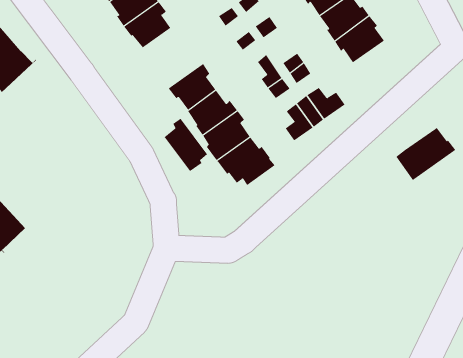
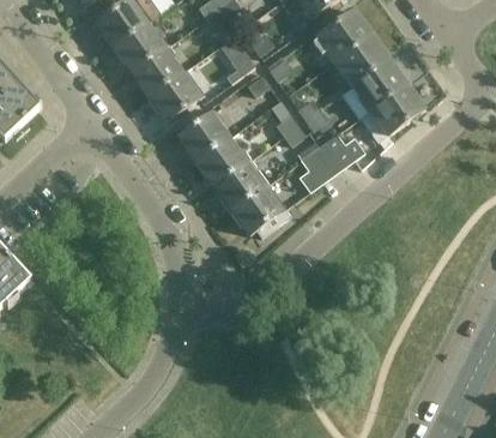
building: none -> [150,71,205,119]
building: [164,118,208,172] -> none
building: [395,126,456,181] -> [362,83,425,140]

